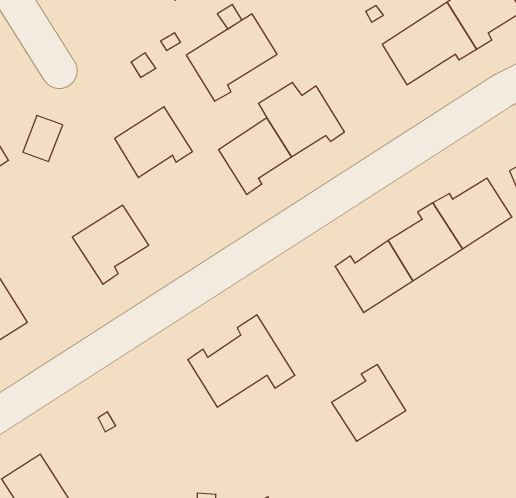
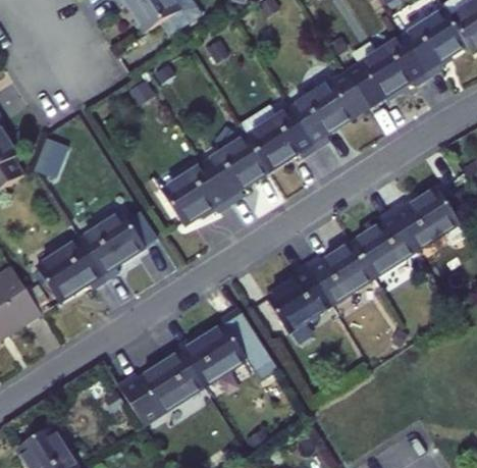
building: [186,14,277,101] -> [289,73,368,149]
building: [115,107,192,178] -> [162,164,229,225]
building: none -> [36,240,105,303]
building: none -> [118,346,204,424]
building: [332,365,406,441] -> [266,265,330,331]

